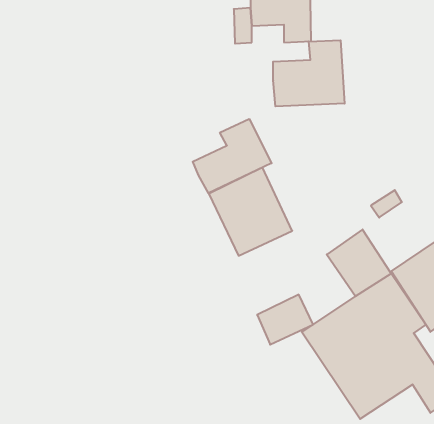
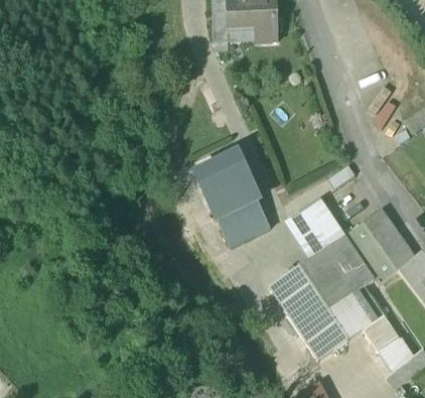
building: [273,40,345,106] -> none
building: [193,119,272,193] -> none
building: [257,295,313,345] -> [222,202,269,244]

